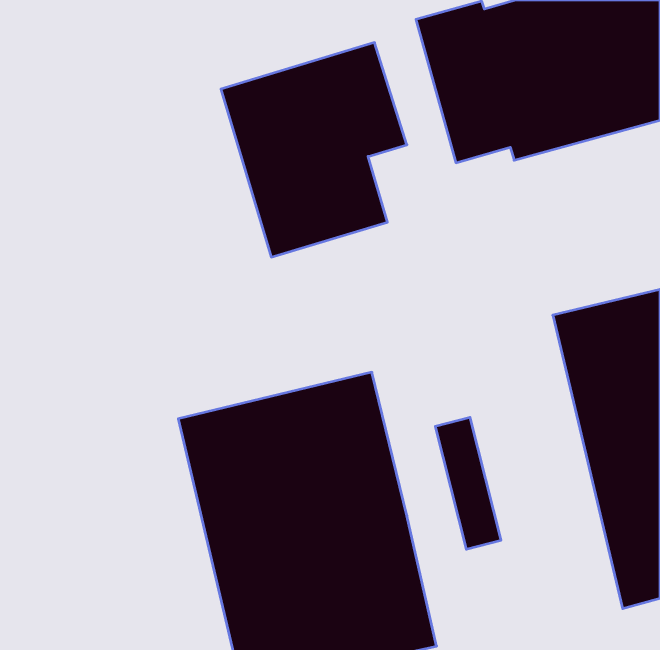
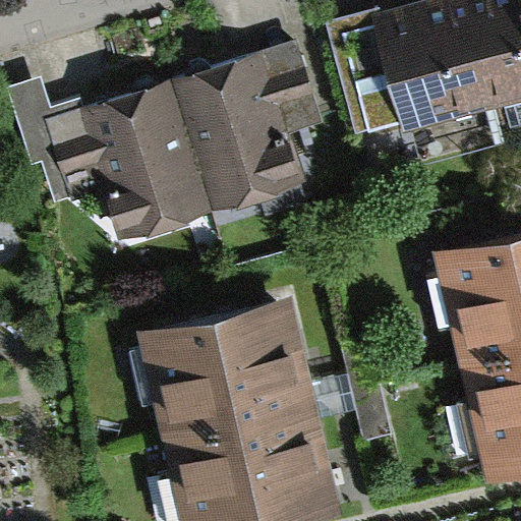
building: none -> [5,74,214,241]

